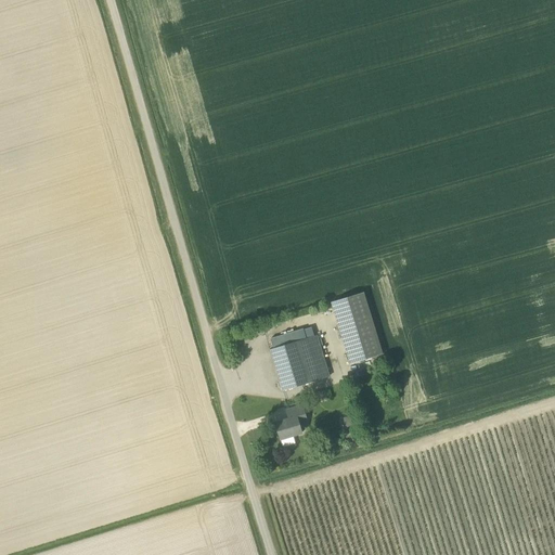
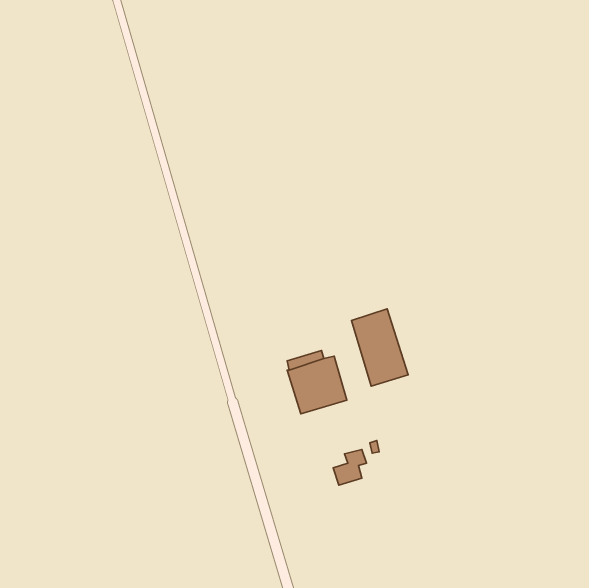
building: [275,404,307,438] -> [333,449,366,485]

